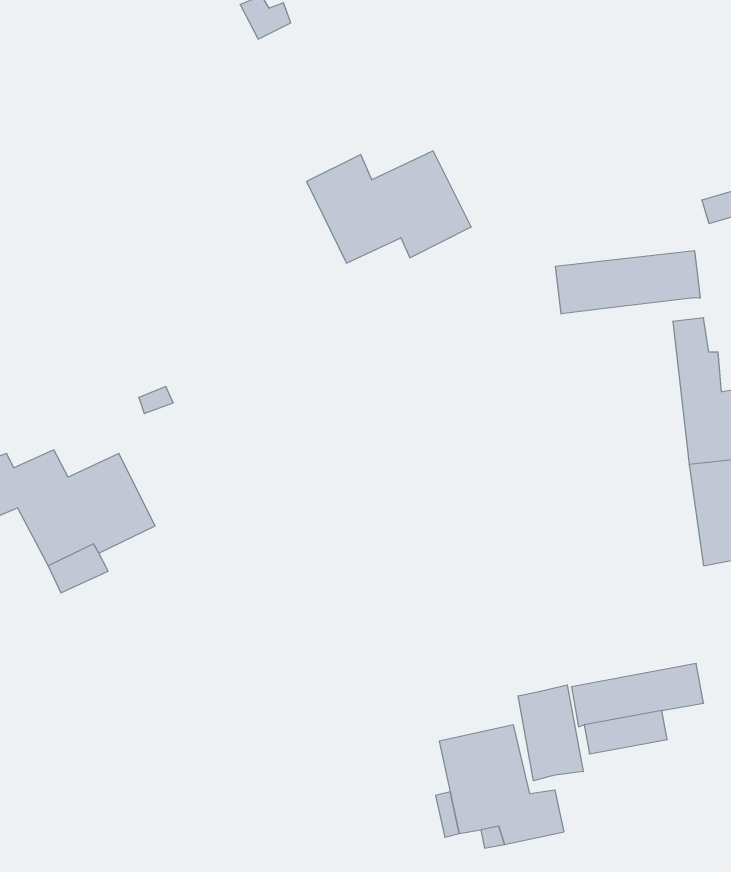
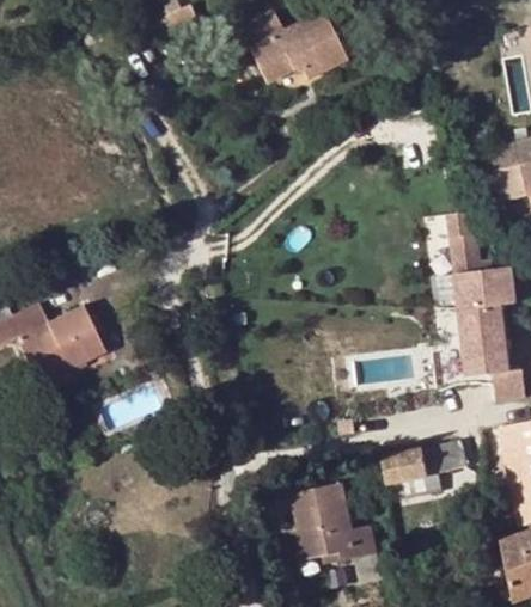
building: [307,151,471,263] -> [239,10,348,84]
building: [556,251,700,314] -> none
building: [518,685,583,781] -> none

